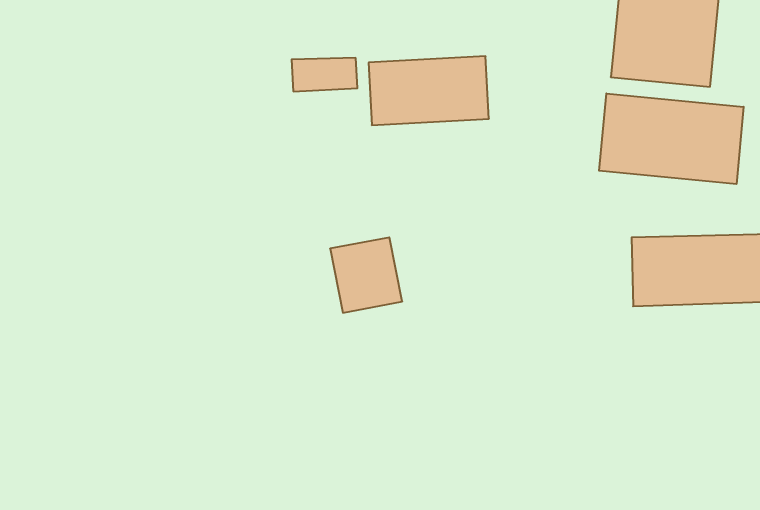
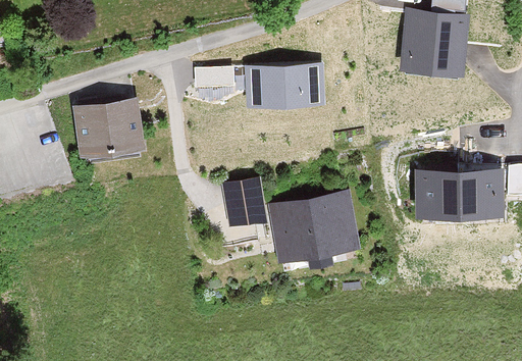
building: [599,93,744,184] -> none
building: none -> [76,97,141,154]
building: none -> [273,192,358,262]

